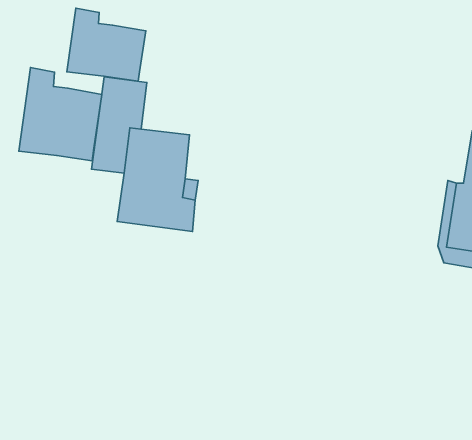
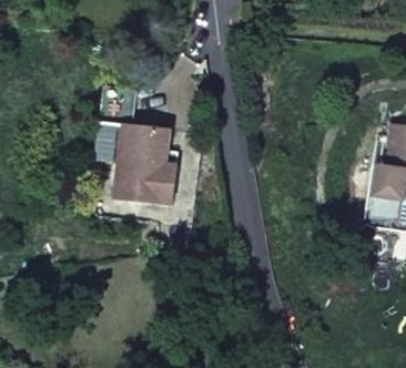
building: [67,8,146,81] -> none
building: [19,67,102,161] -> none

